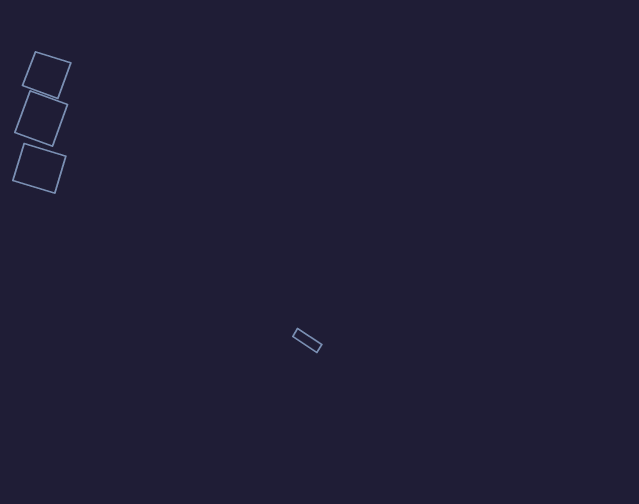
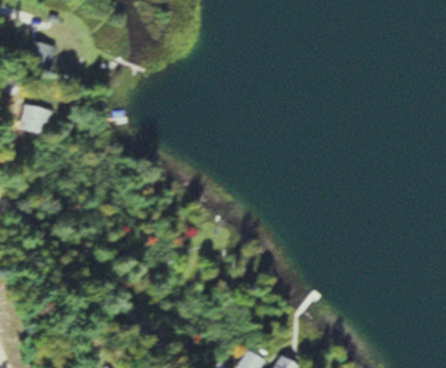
building: [15,91,68,146] -> none

